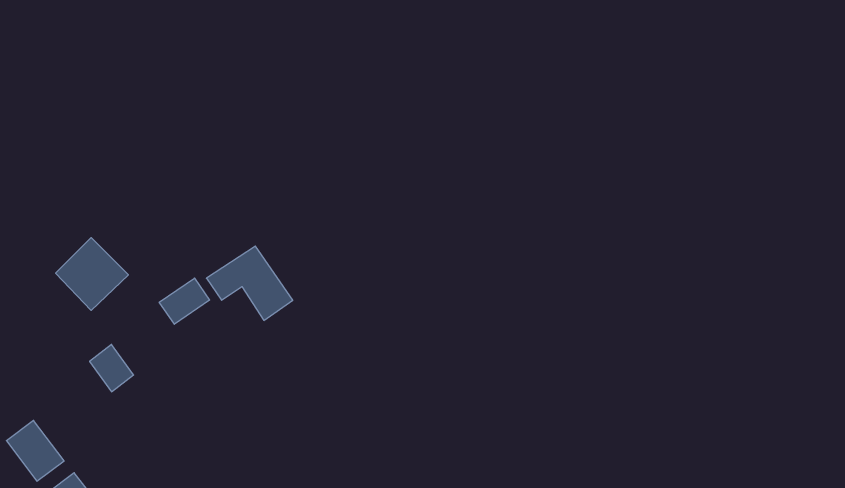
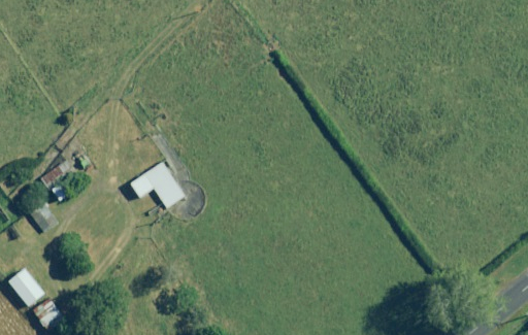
building: [159,278,210,324] -> none
building: [90,344,134,392] -> [30,204,57,233]

